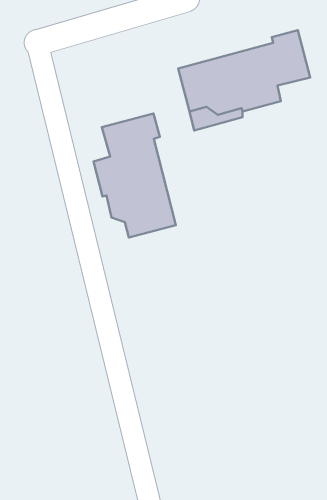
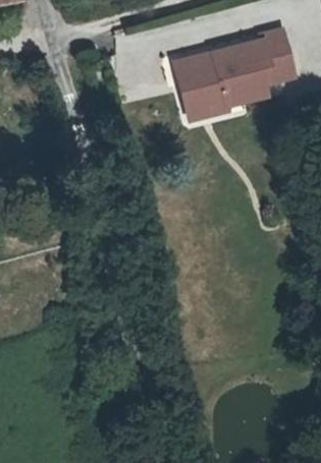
building: [93,113,176,238] -> none

